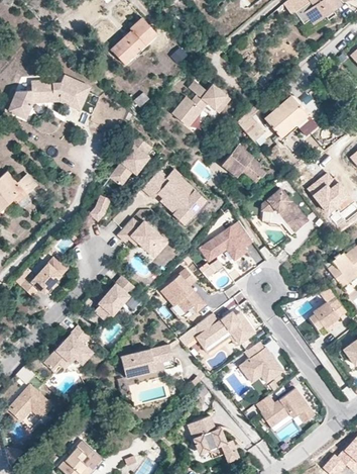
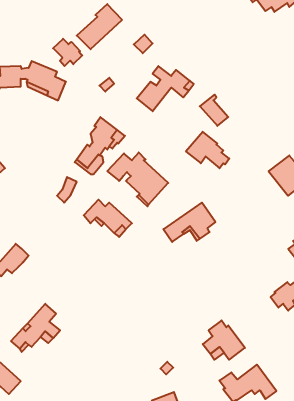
building: none -> [53,39,82,66]
building: [264,99,318,141] -> none
building: [262,189,309,235] -> none
building: [160,268,205,312] -> none
building: [97,275,134,314] -> none
building: [192,311,254,348] -> none
building: [121,344,174,377] -> none

